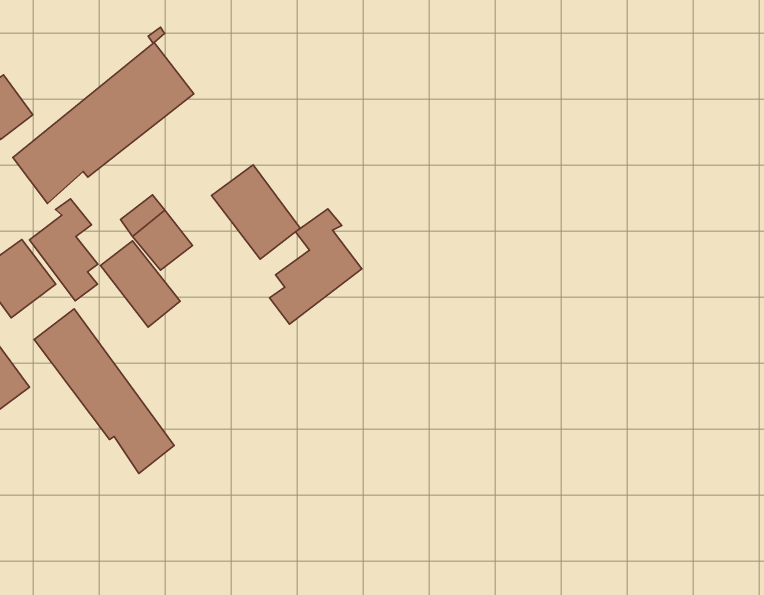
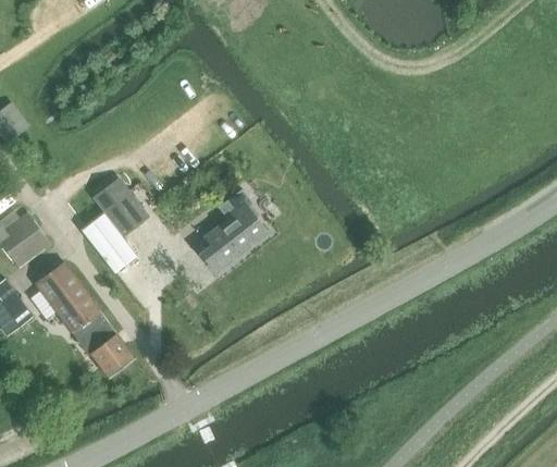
building: [13,42,194,204] -> none
building: [212,165,300,259] -> none
building: [29,199,98,301] -> none

